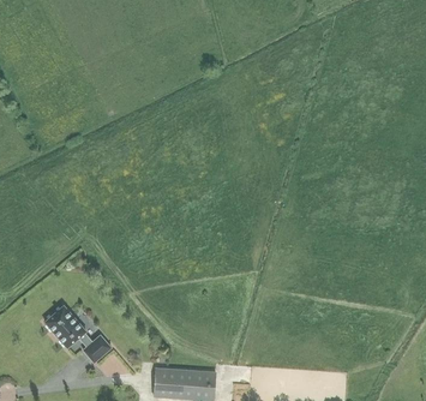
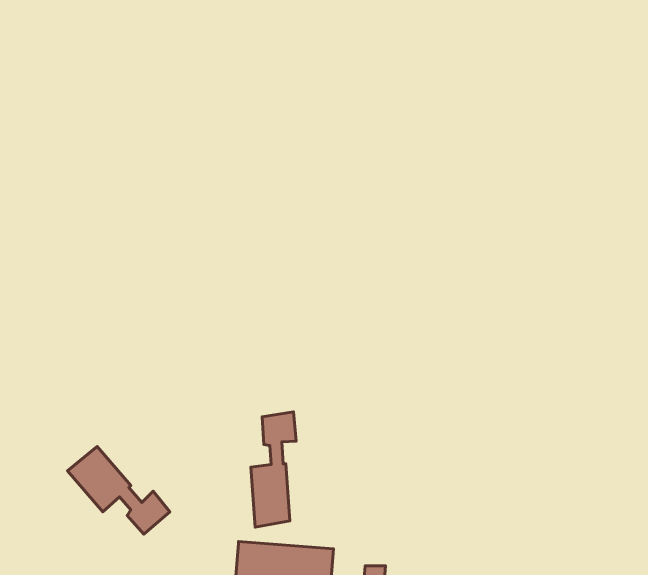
building: none -> [251,412,296,527]

